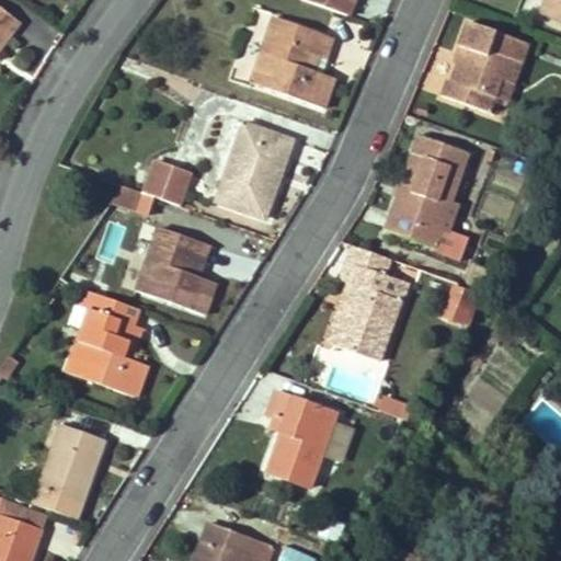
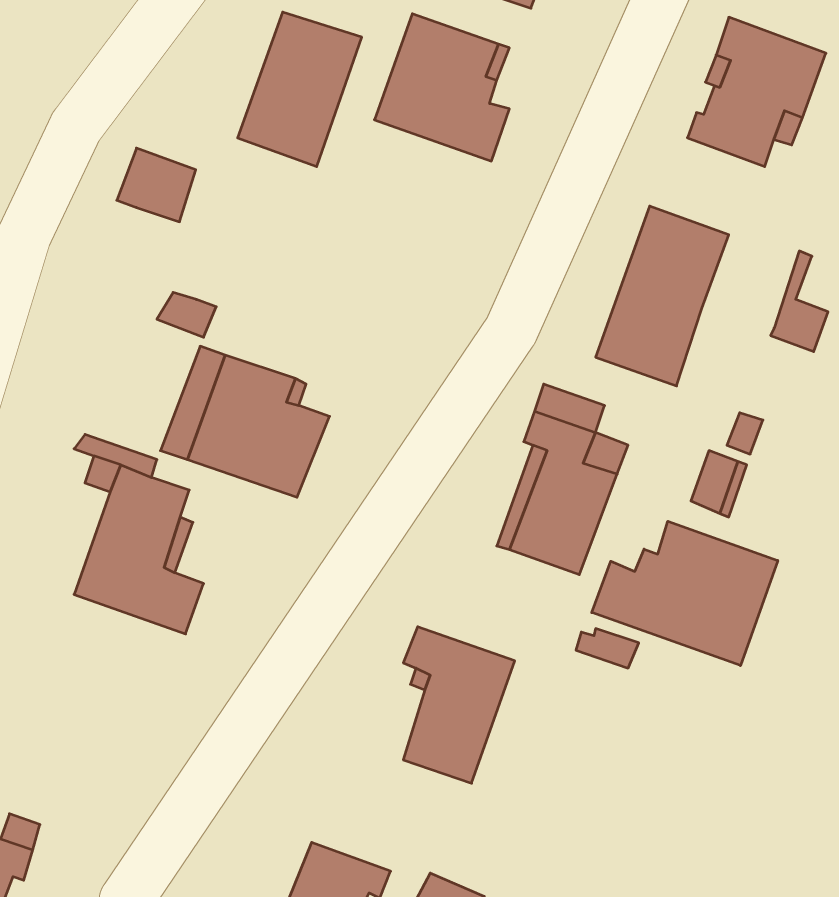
building: [217,124,293,218] -> [238,12,362,167]
building: [142,160,191,205] -> [117,148,196,222]
building: [433,197,468,259] -> [771,251,828,352]
building: none -> [592,521,778,666]
building: [33,424,105,517] -> none

